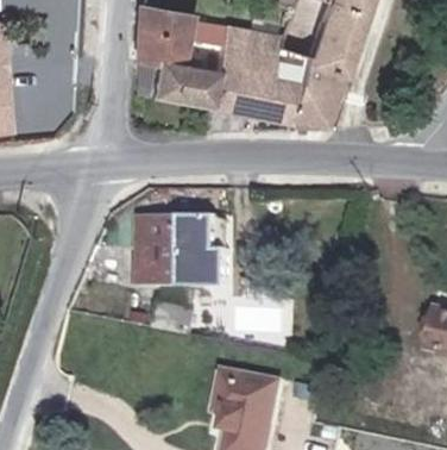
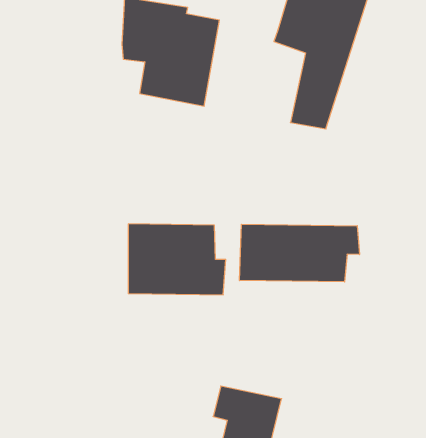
building: [216,24,311,120] -> none
building: none -> [240,224,359,282]

